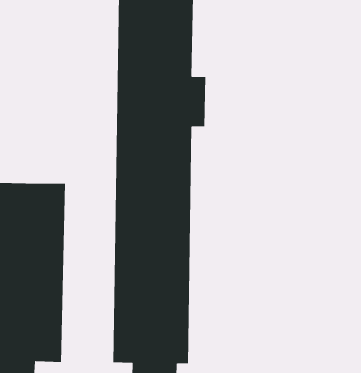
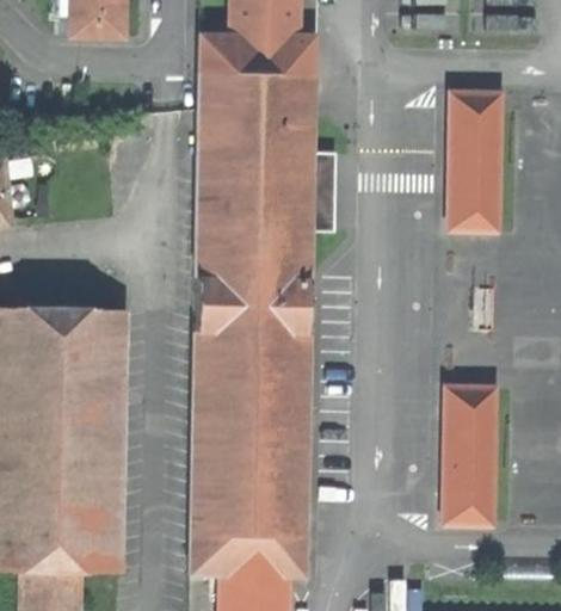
building: none -> [448,91,500,229]
building: none -> [442,383,494,525]

